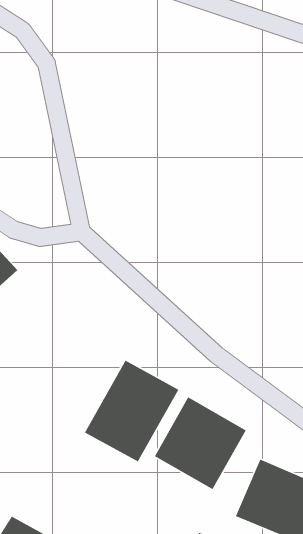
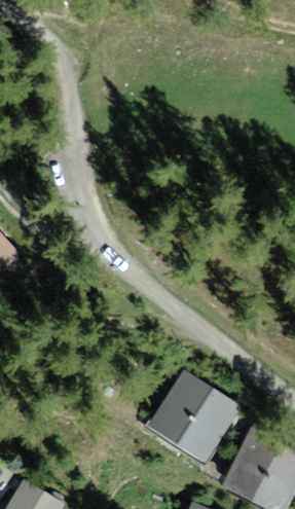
building: [84,359,180,463] -> none

